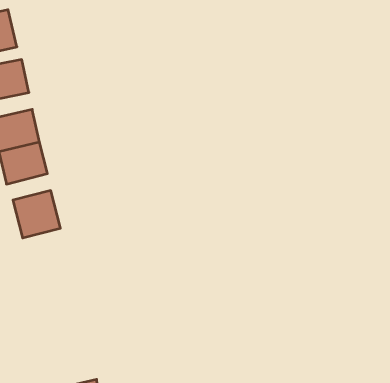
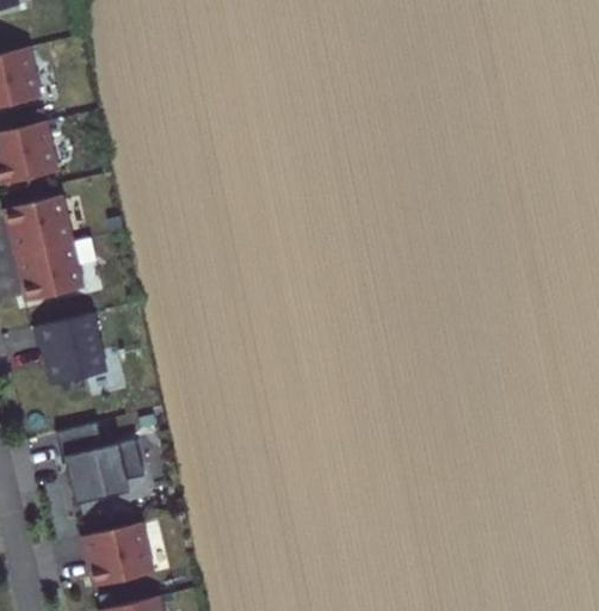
building: none -> [67,433,144,495]
building: none -> [78,524,152,587]

